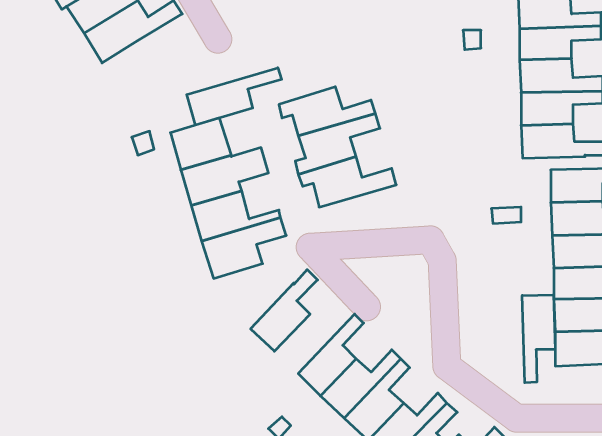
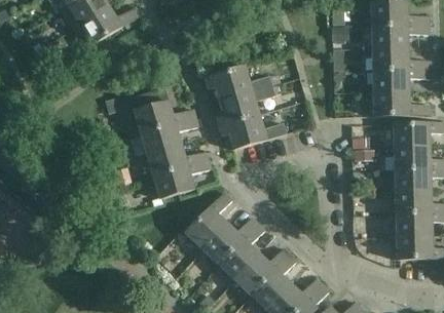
building: [187,68,282,125] -> none
building: [522,295,555,383] -> none
building: none -> [202,218,258,265]

